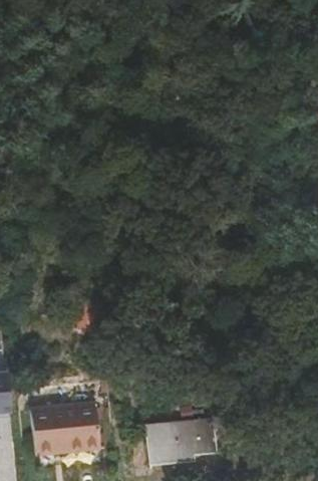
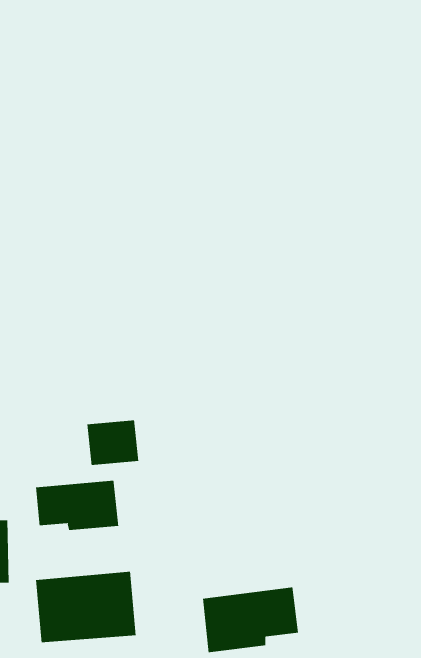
building: none -> [36,480,119,531]

